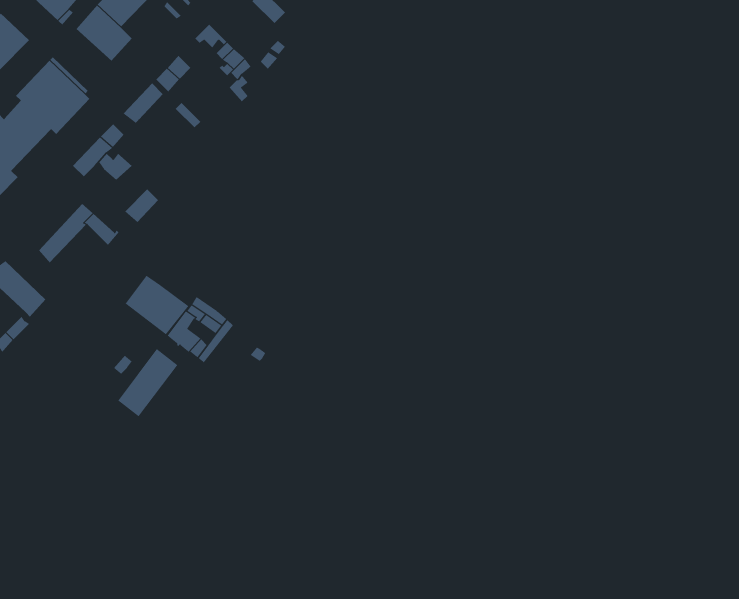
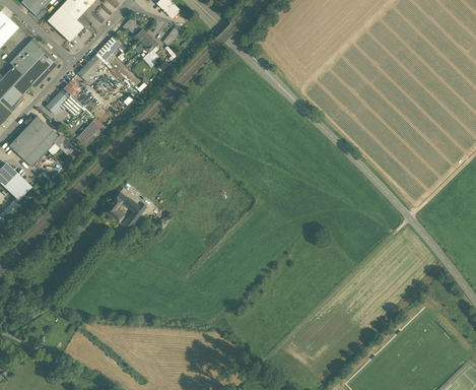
building: none -> [9,115,52,158]
building: [125,275,189,335] -> none
building: [118,348,178,417] -> none

